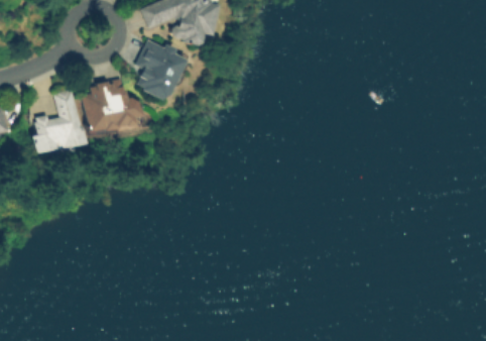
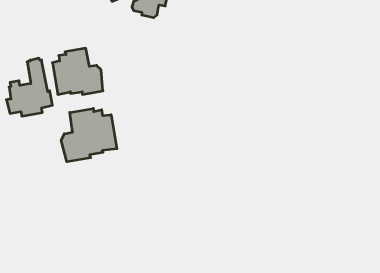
building: [136,40,187,100] -> none
building: none -> [61,108,117,162]

